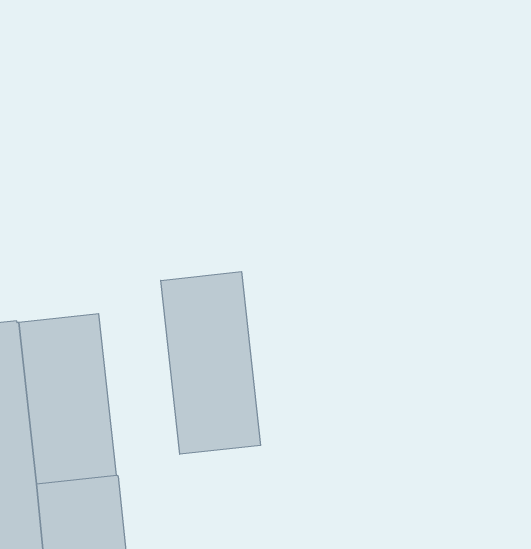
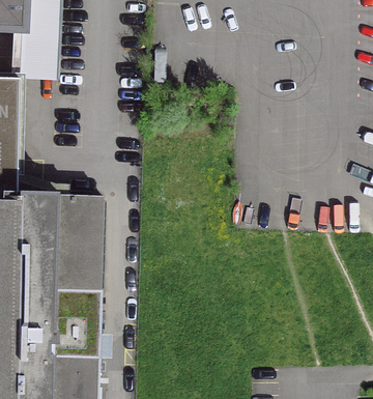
building: [161,272,261,454] -> none

